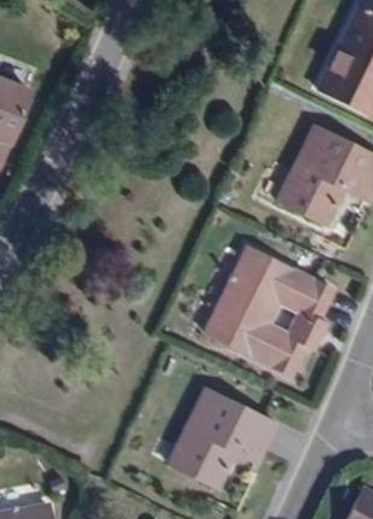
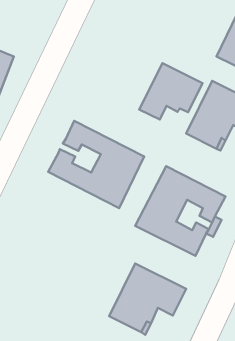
building: none -> [139,63,203,119]
building: none -> [48,121,144,208]

